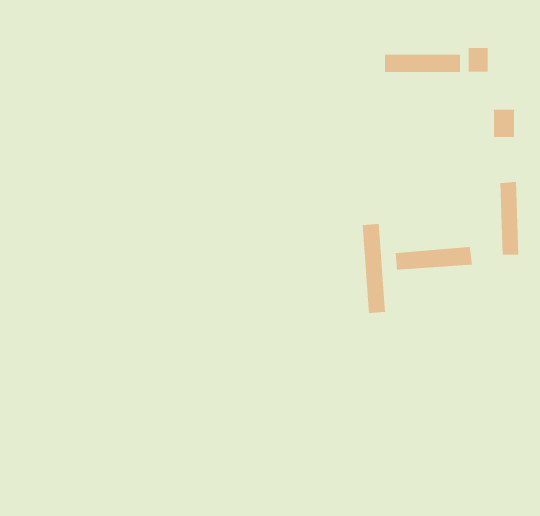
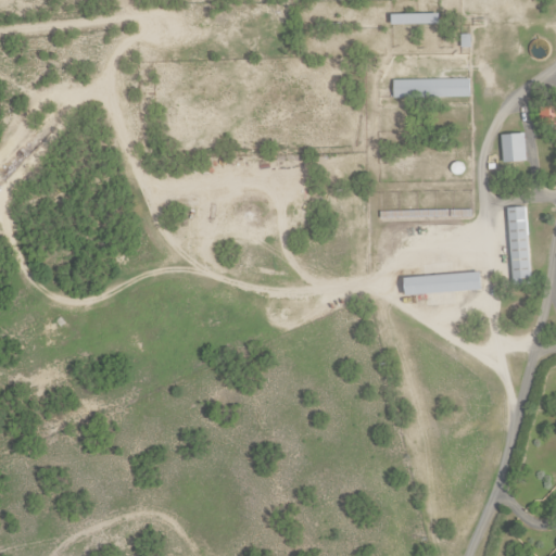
building: [468,47,488,72] -> none
building: [362,223,385,314] -> none

